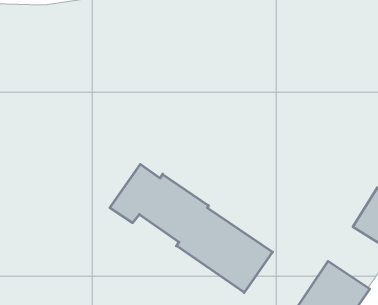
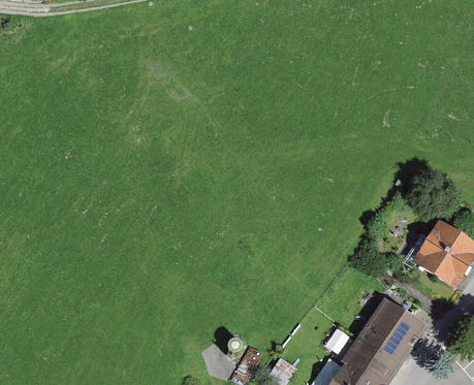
building: [110,164,273,293] -> none

